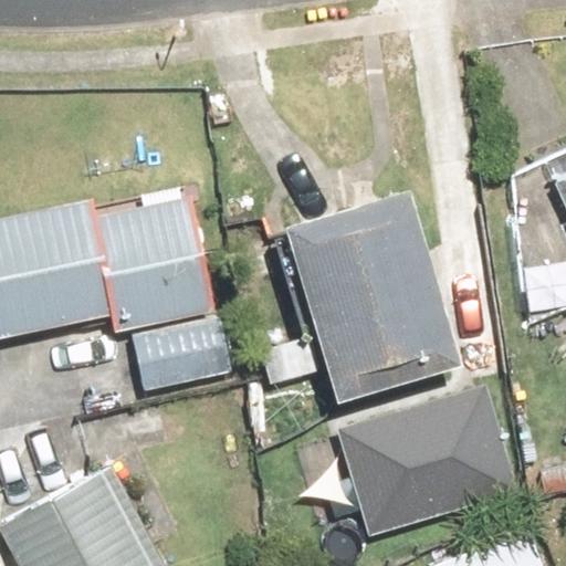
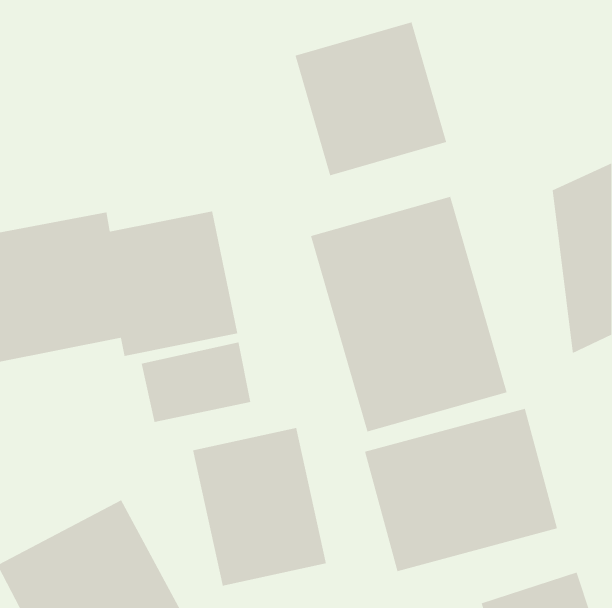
building: none -> [295,21,447,176]
building: none -> [193,427,326,587]

